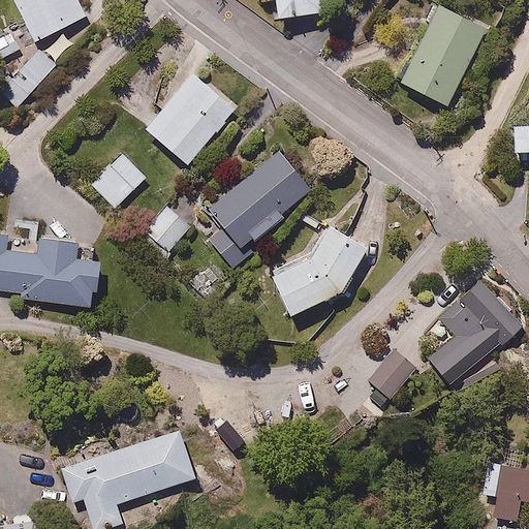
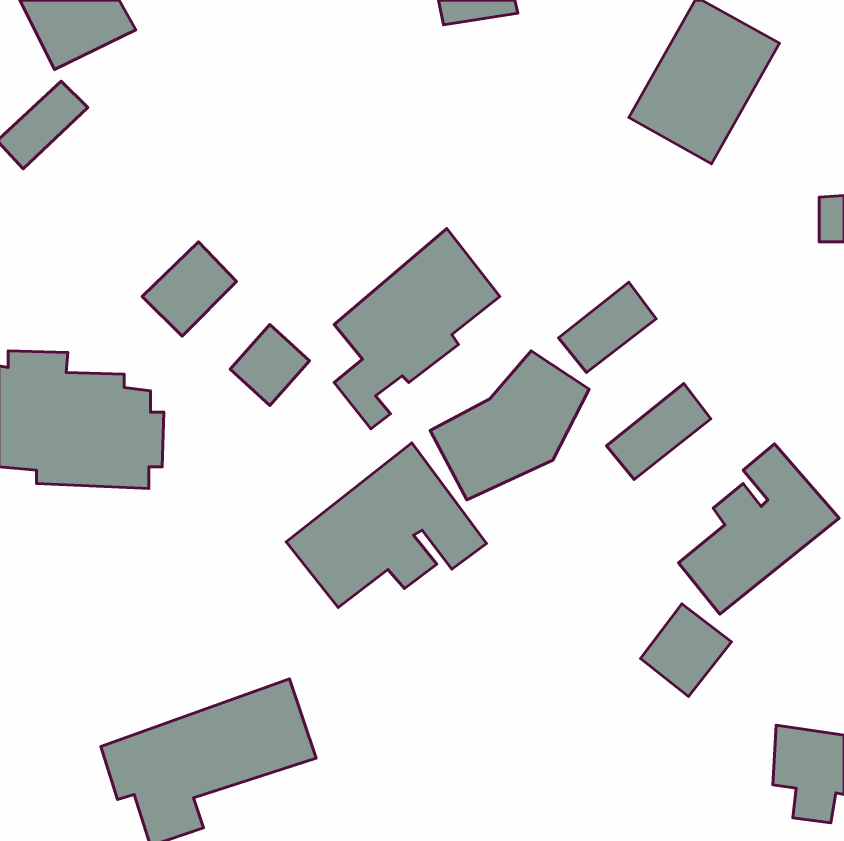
building: [141,69,240,168] -> none
building: none -> [558,282,656,373]
building: none -> [607,383,711,479]
building: none -> [286,443,486,608]
building: [361,346,417,404] -> [641,604,732,697]

